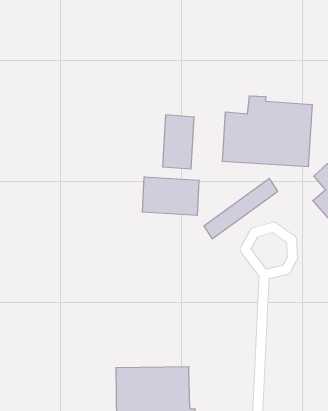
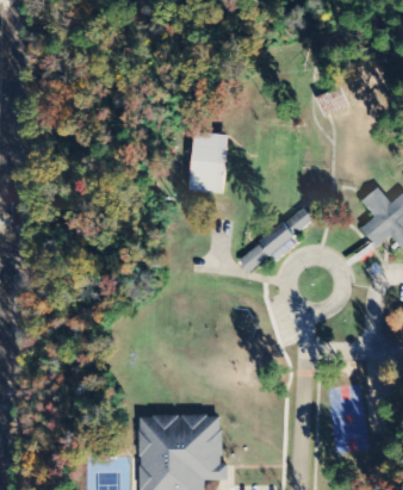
building: [222,96,312,167] -> none
building: [142,177,199,216] -> none

